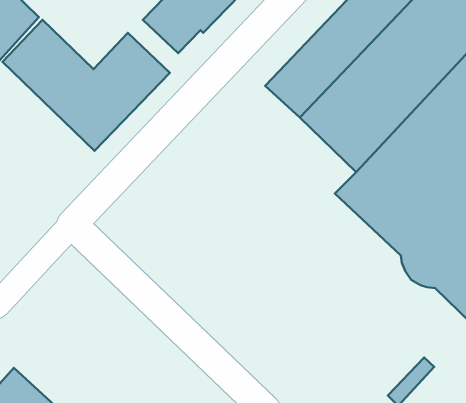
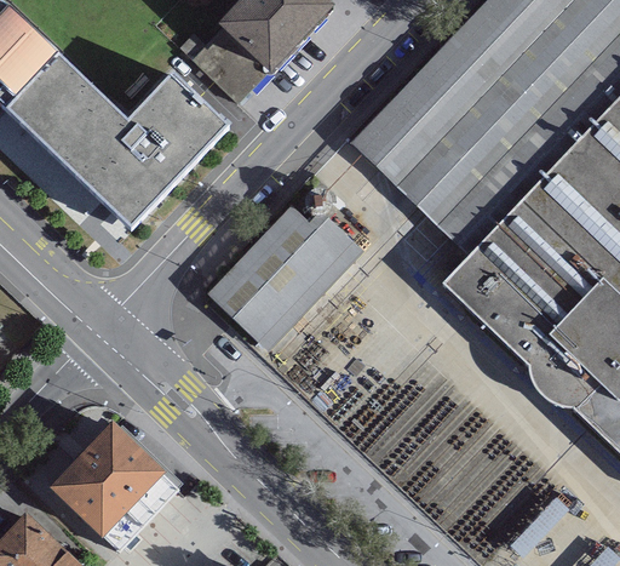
building: none -> [207,205,362,350]
building: none -> [48,422,165,537]

